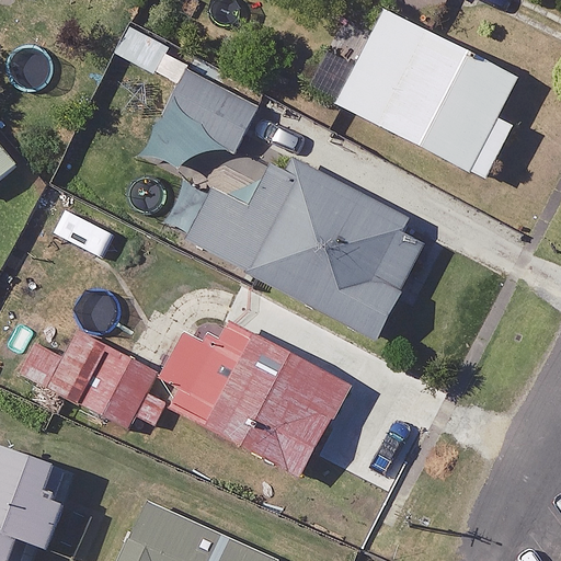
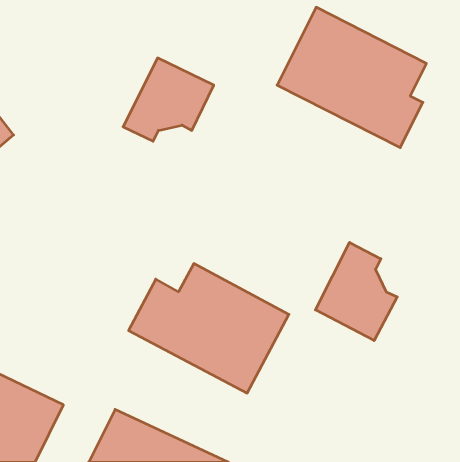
building: [163,165,426,337] -> none
building: none -> [315,242,397,341]
building: [20,333,154,426] -> none

